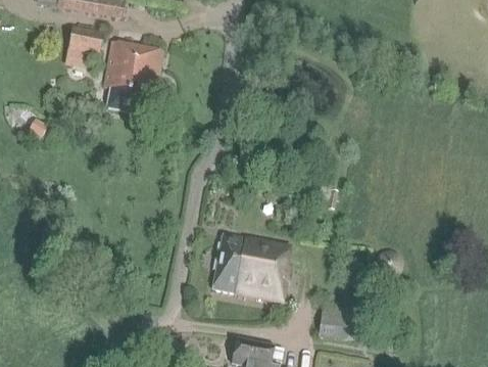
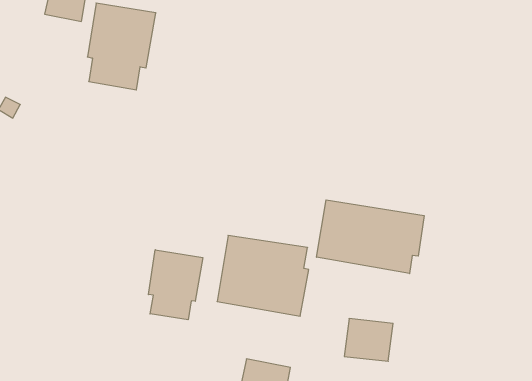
building: none -> [317,200,424,274]
building: none -> [148,250,203,320]

